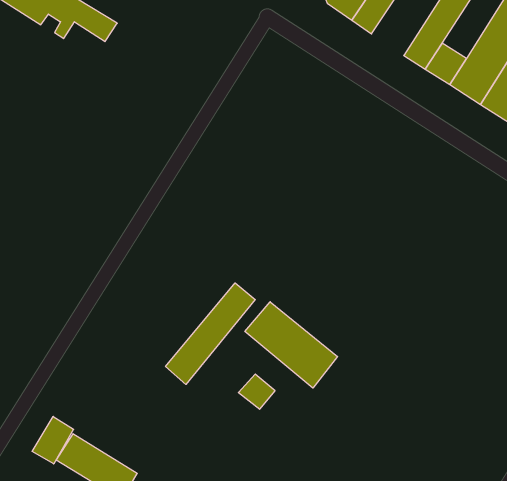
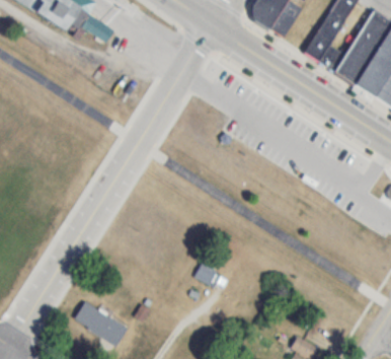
building: [166,283,255,384] -> none
building: [245,302,338,388] -> none
building: [32,416,74,464] -> none

